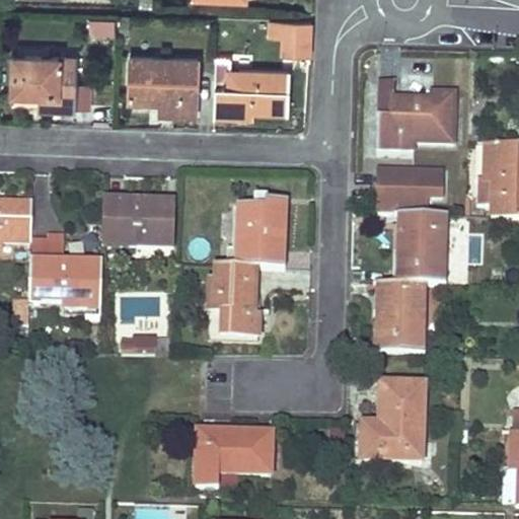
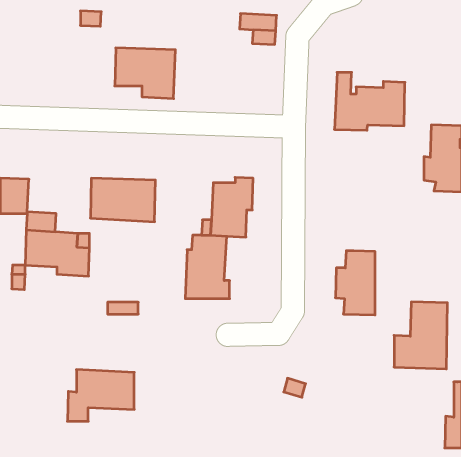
building: [12,51,76,104] -> none
building: [213,53,286,112] -> none
building: [375,164,443,205] -> none
building: [397,212,443,282] -> none
building: [362,383,422,458] -> [394,302,447,369]
building: [196,429,271,487] -> [67,370,134,421]

